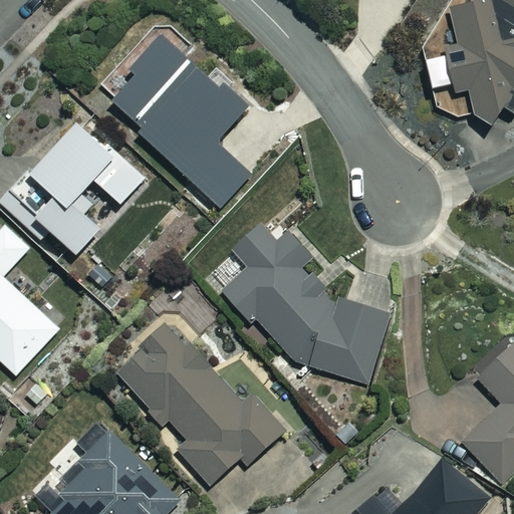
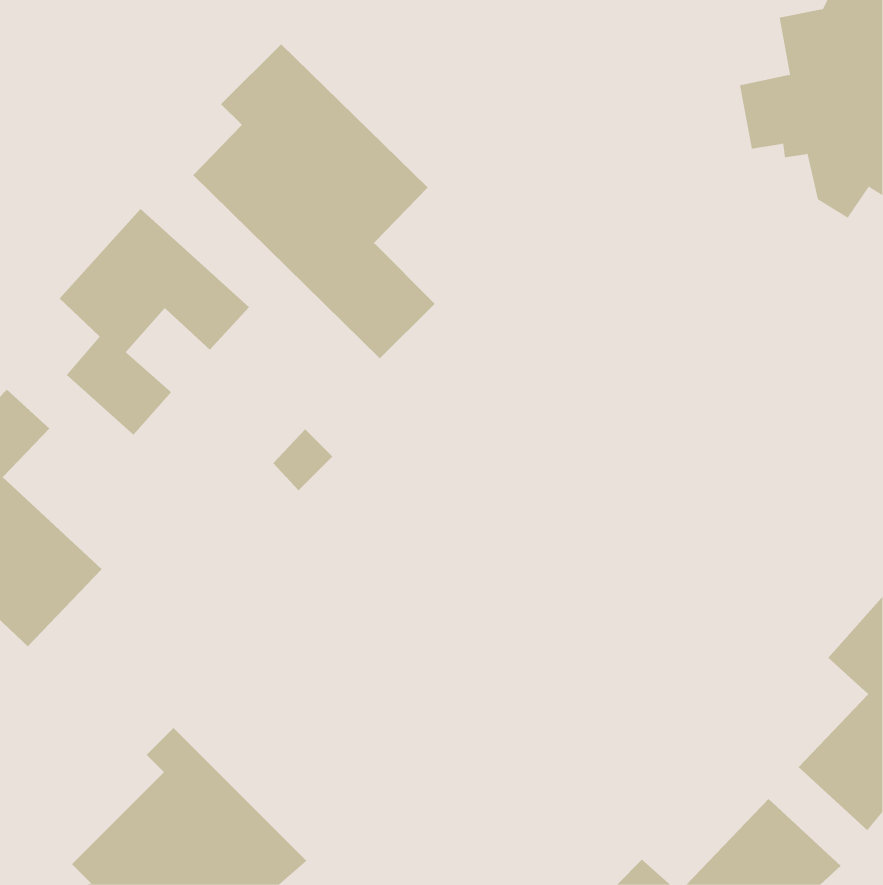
building: [223,224,391,384] -> none
building: [116,322,285,484] -> none

